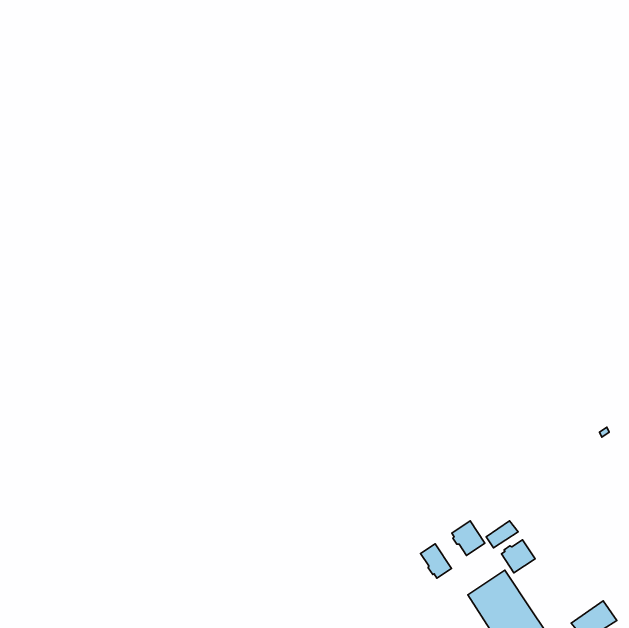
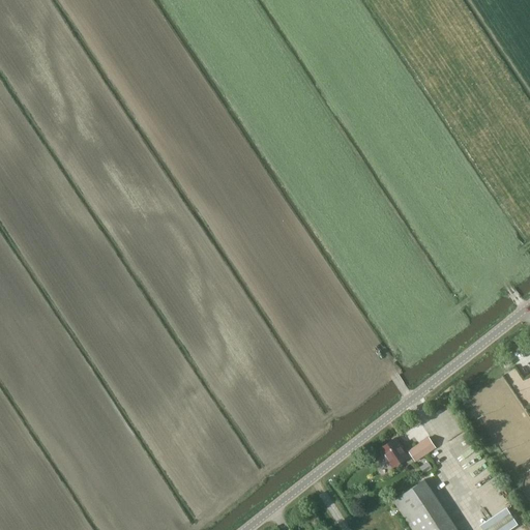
building: [501,540,535,573] -> none
building: [420,544,451,578] -> none

